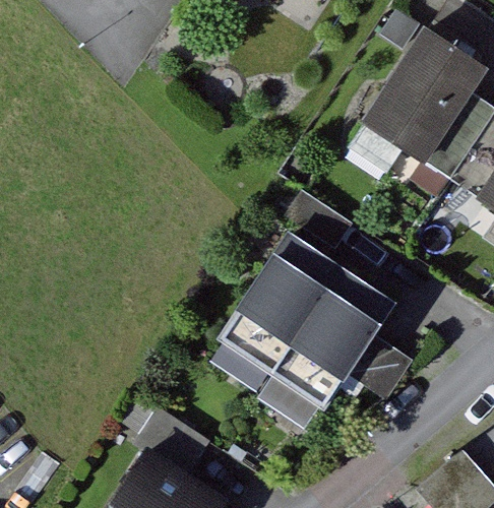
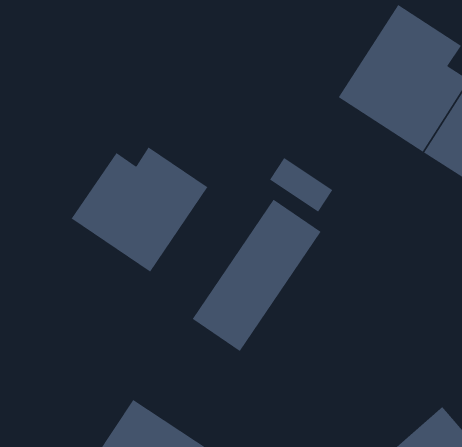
building: none -> [71,147,208,273]
building: [257,267,413,428] -> none

